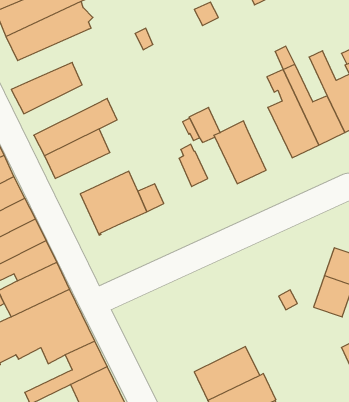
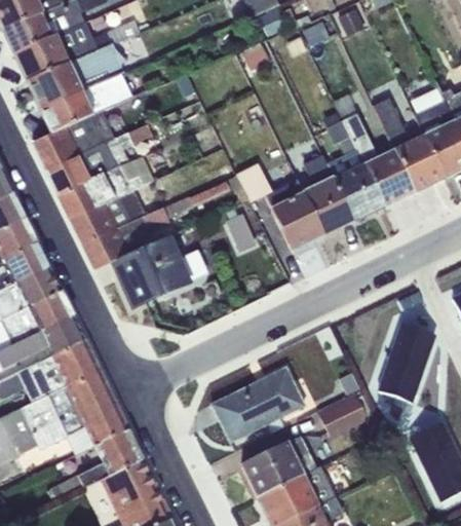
building: none -> [39,74,131,135]
building: none -> [46,121,152,195]
building: none -> [303,155,353,235]
building: none -> [82,182,230,269]
building: none -> [210,368,305,442]
building: none -> [316,393,371,439]

